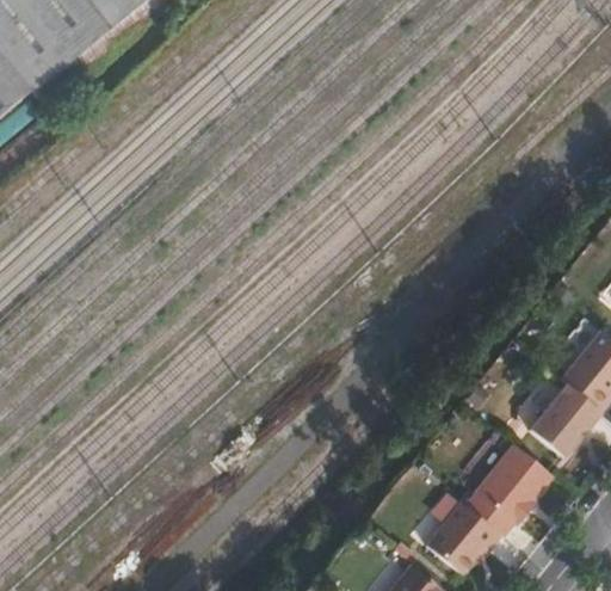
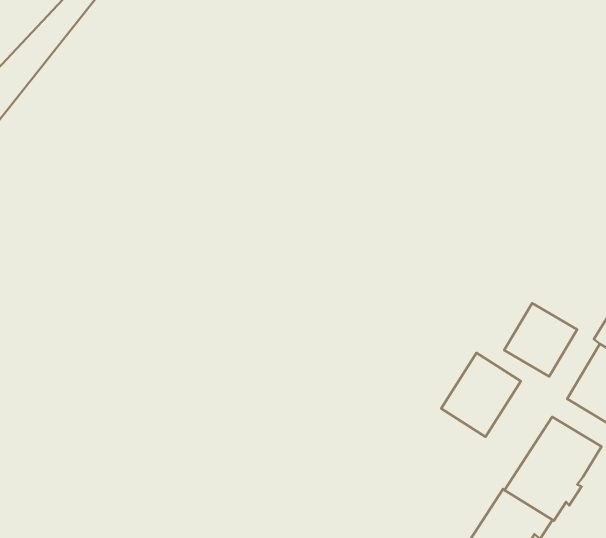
building: none -> [504,303,577,377]
building: none -> [441,353,521,437]

